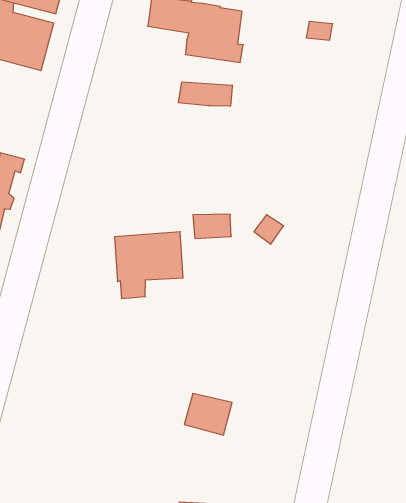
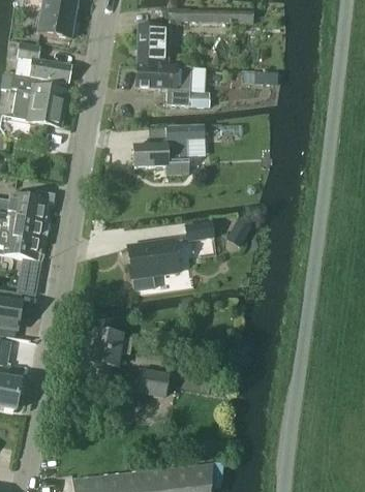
building: none -> [133,141,189,174]
building: none -> [88,330,132,367]
building: [184,393,232,435] -> [135,368,170,397]

